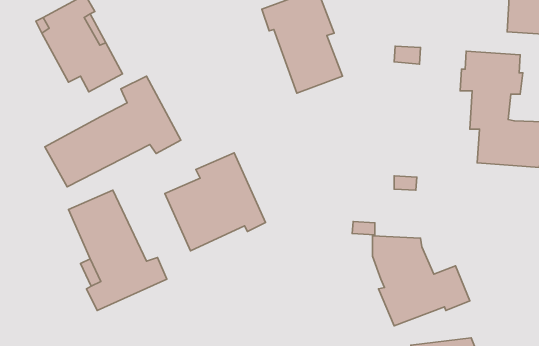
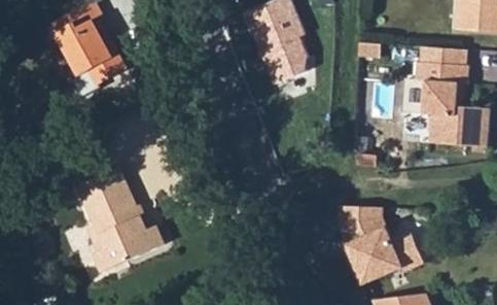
building: [45,76,181,187] -> none
building: [165,153,265,251] -> none

